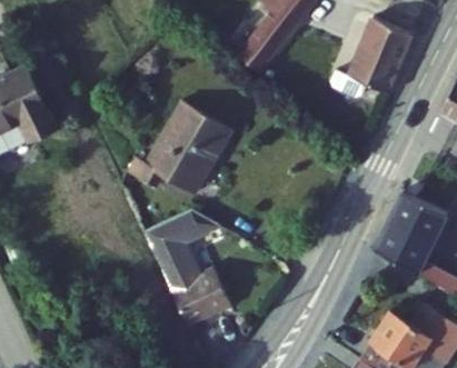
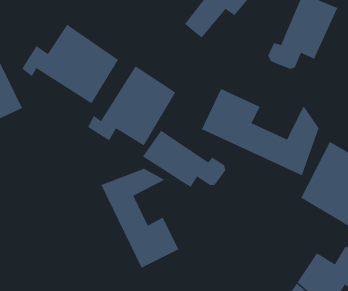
building: none -> [21,24,119,104]
building: none -> [201,88,319,176]
building: none -> [142,130,226,188]

